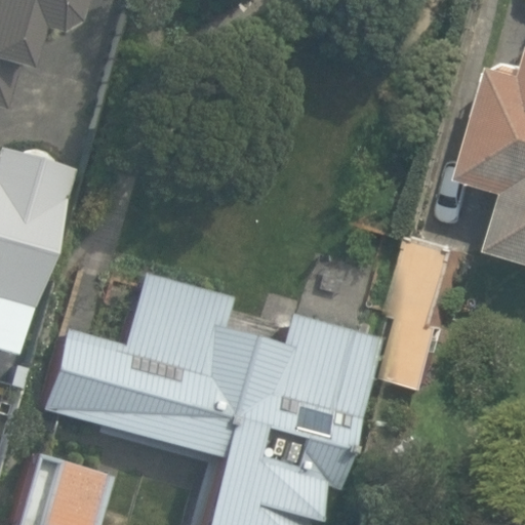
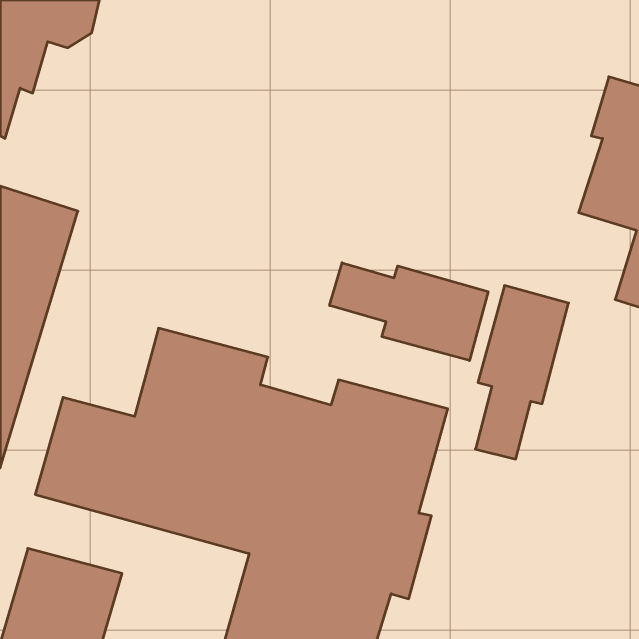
building: none -> [330,263,488,361]

